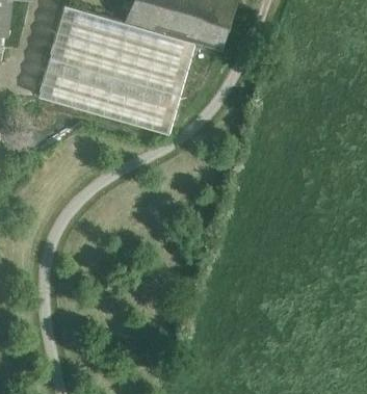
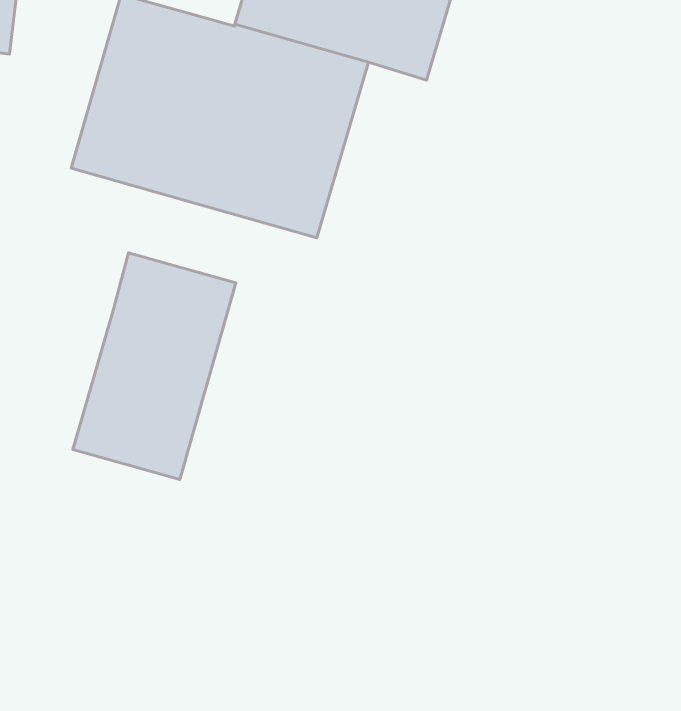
building: none -> [73,253,236,480]

